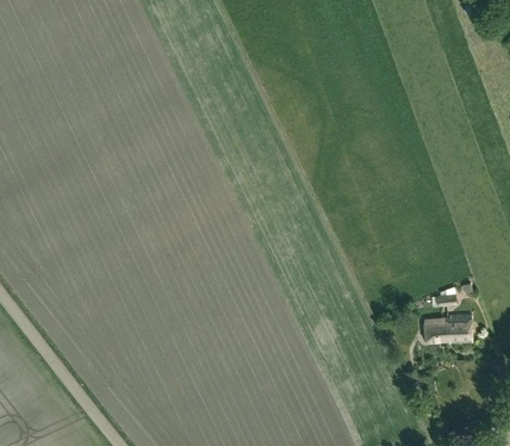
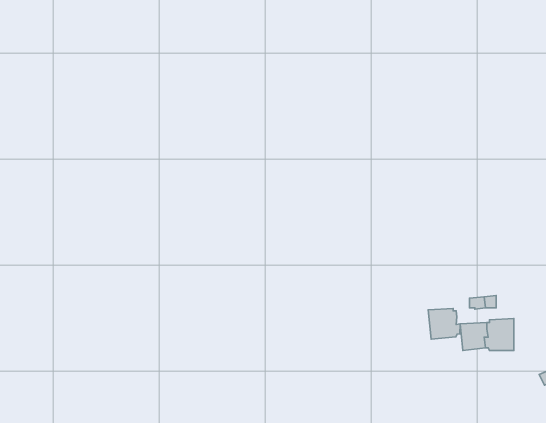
building: none -> [428,308,460,339]

